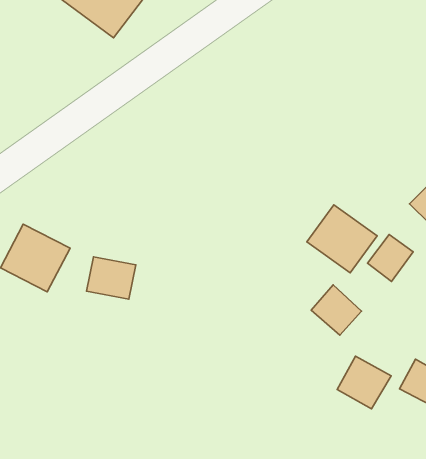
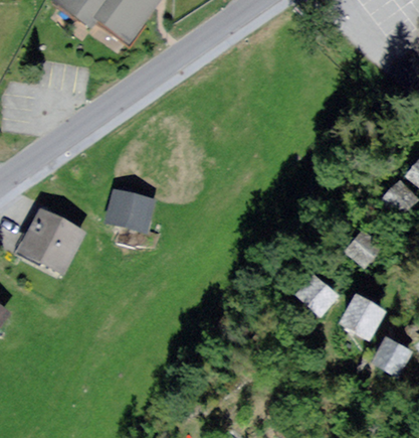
building: [307,205,377,273] -> none
building: [87,257,136,299] -> [110,196,153,234]
building: [337,356,391,409] -> [340,291,387,337]

